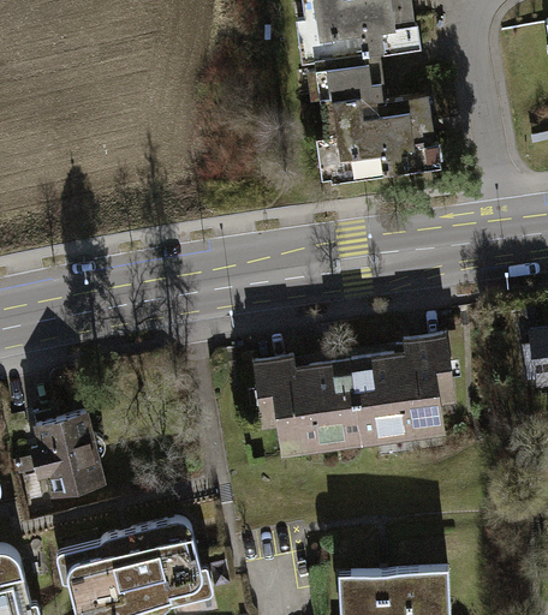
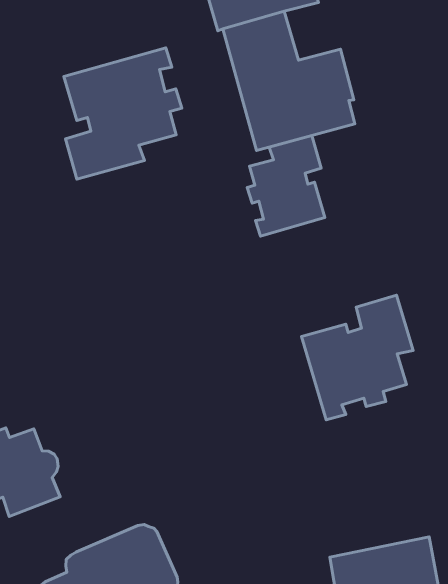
building: none -> [64,48,182,179]
building: none -> [247,135,325,236]
building: [252,358,363,450] -> none

